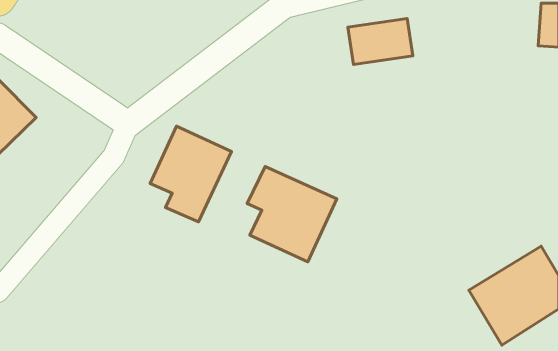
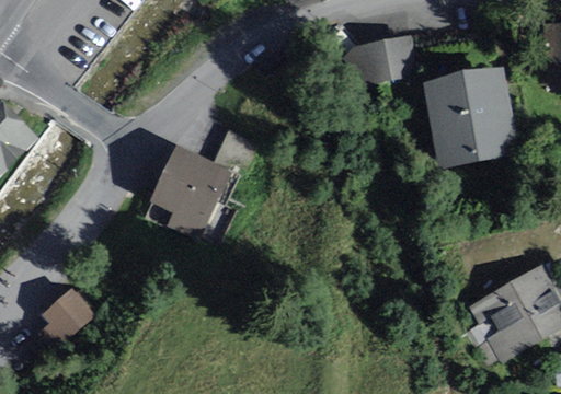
building: none -> [421,63,519,165]
building: [247,166,337,262] -> none
building: none -> [42,292,99,350]

